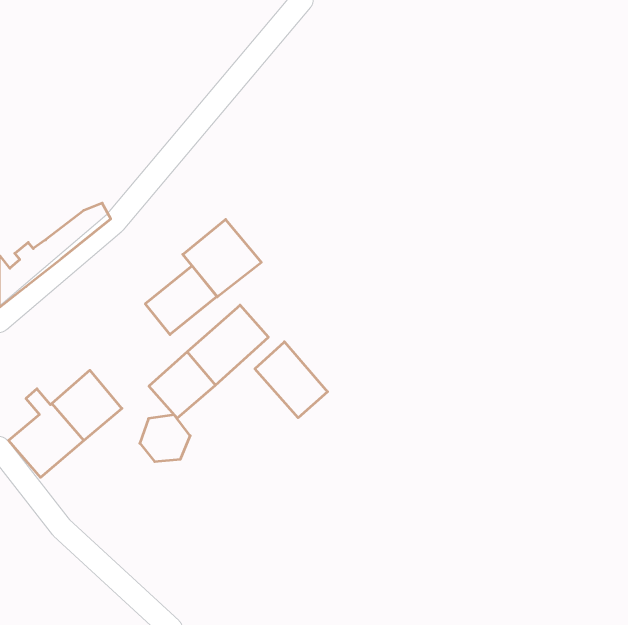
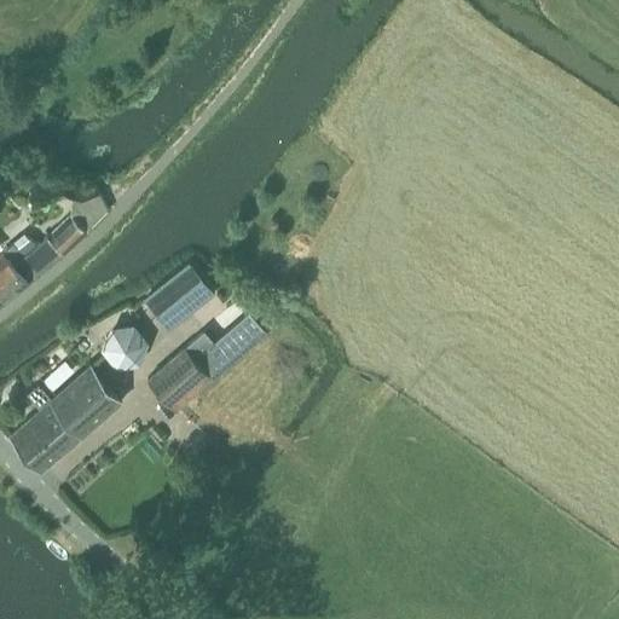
building: [183,219,261,297] -> none
building: [255,342,328,418] -> none
building: [140,415,190,462] -> [99,326,149,372]

